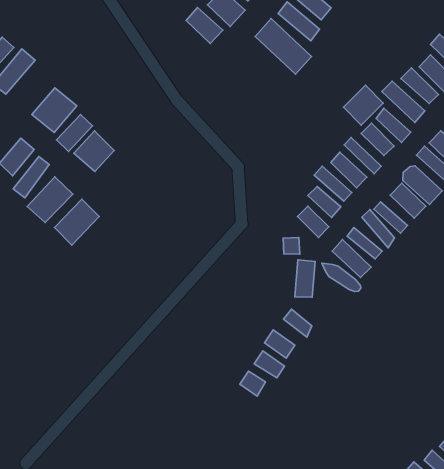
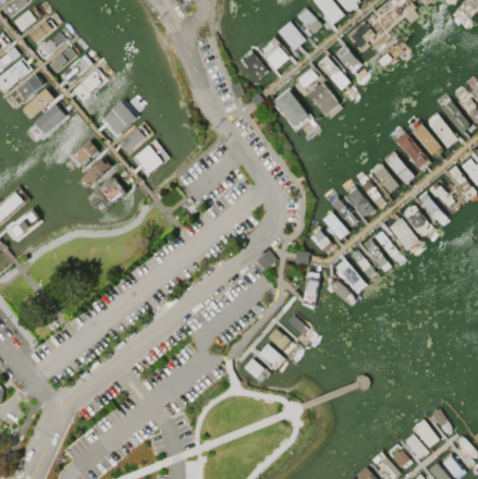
building: none -> [270,88,311,132]
building: [344,85,383,125] -> none
building: [55,199,99,245] -> none

